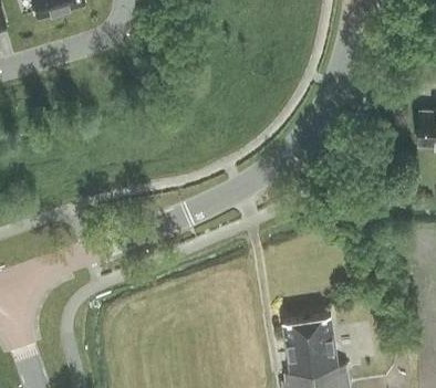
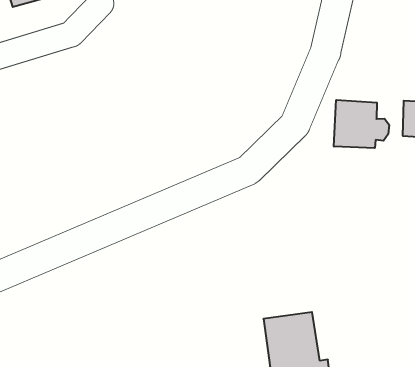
building: none -> [334,100,389,148]

